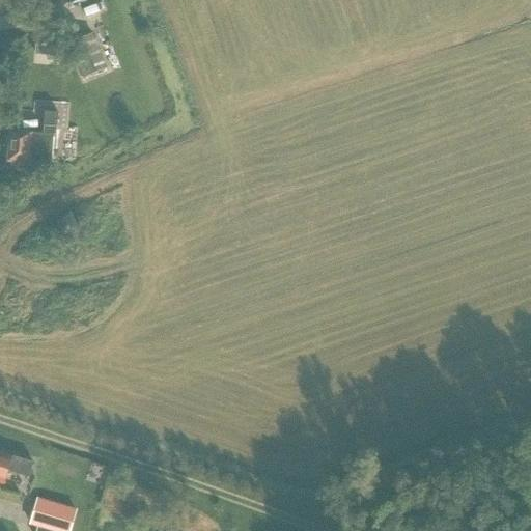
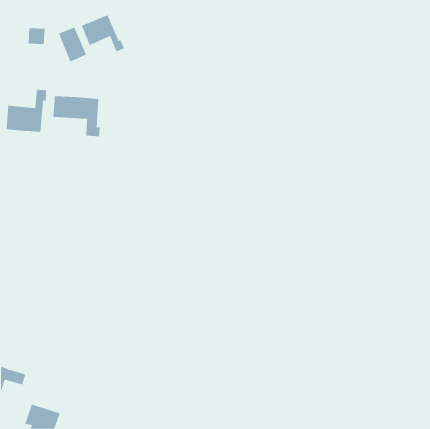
building: none -> [81,15,125,52]
building: none -> [53,95,100,137]

